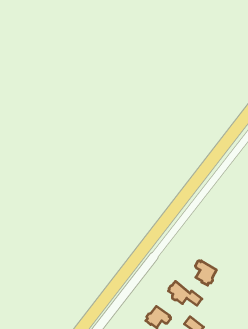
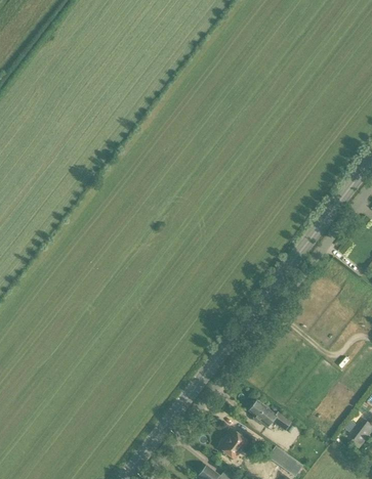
building: [195,261,216,285] -> none

